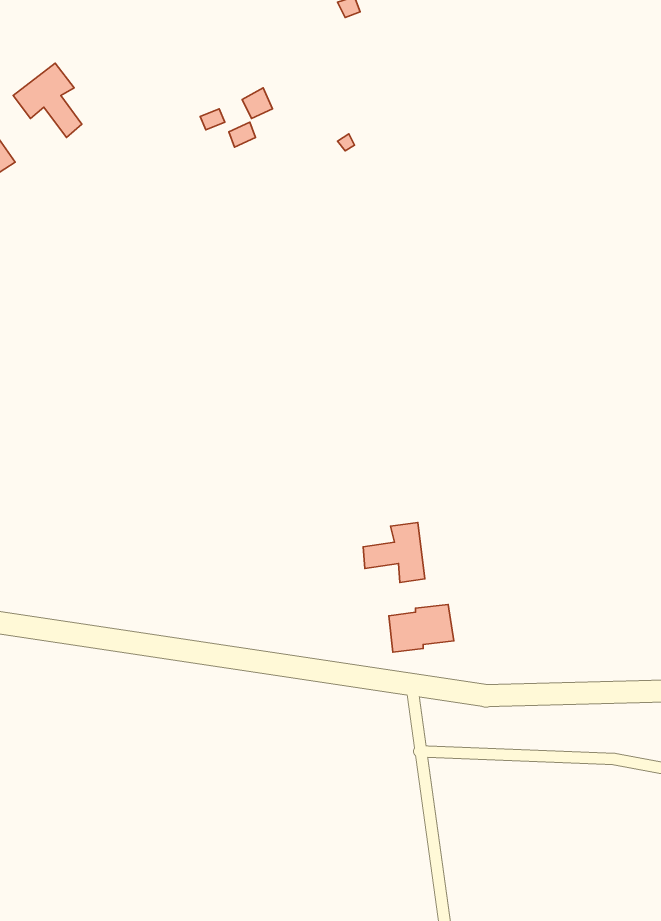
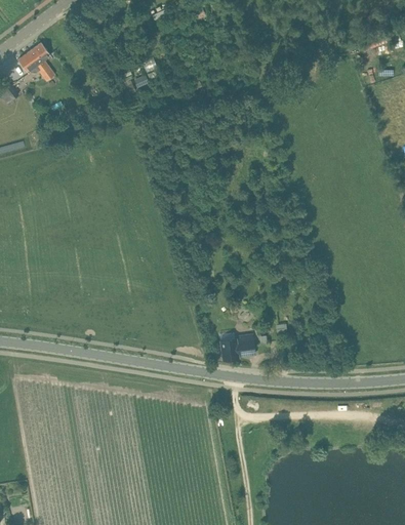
building: [363,523,425,582] -> none

